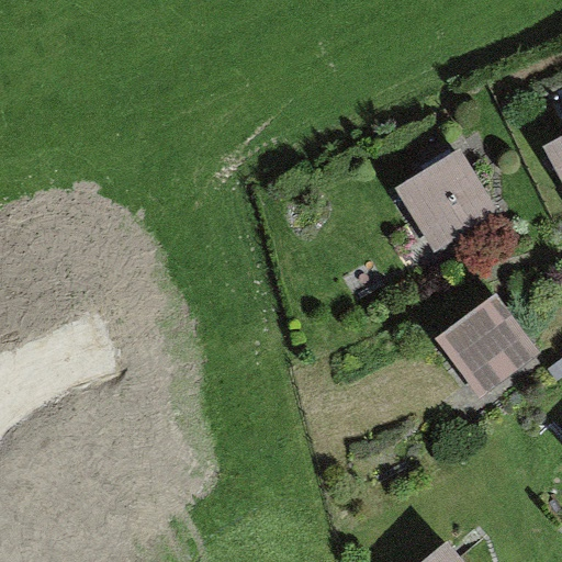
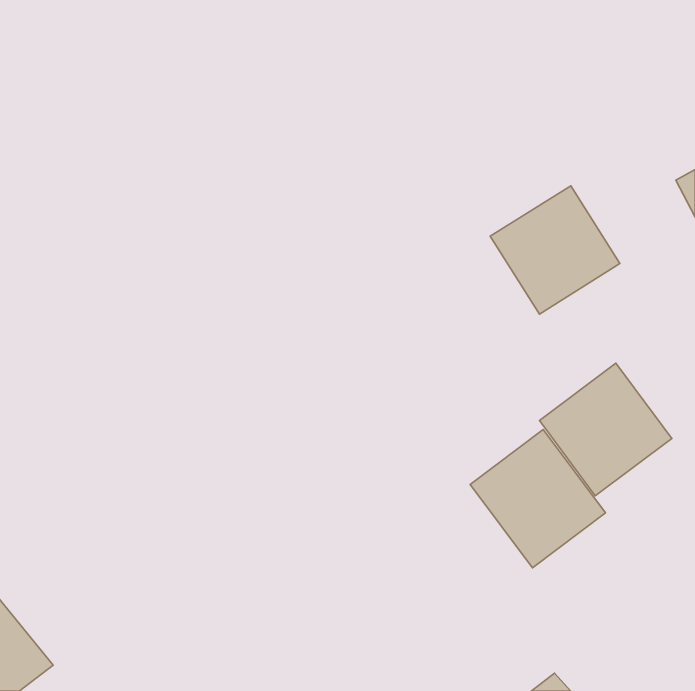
building: none -> [470,430,605,568]

